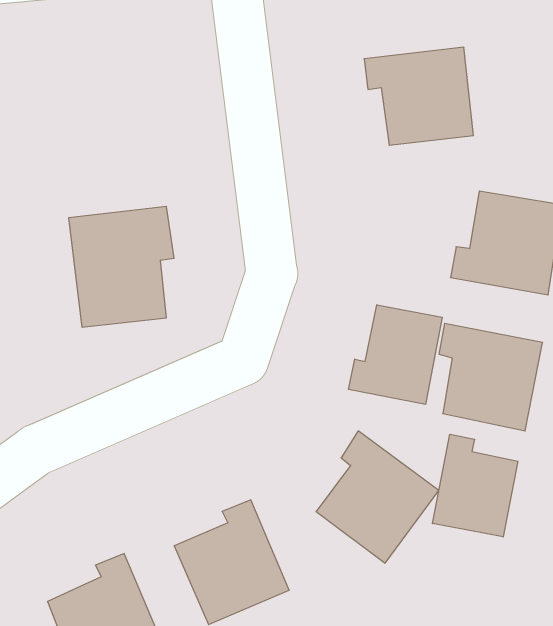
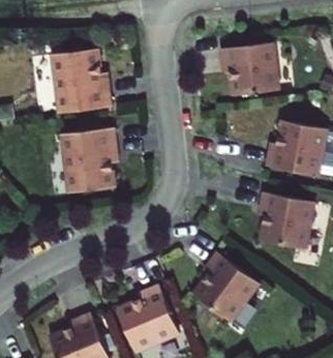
building: none -> [52,49,112,114]
building: [349,305,442,404] -> none
building: [432,434,518,537] -> none

